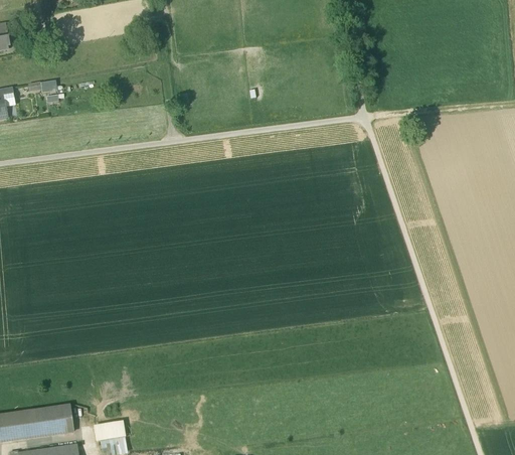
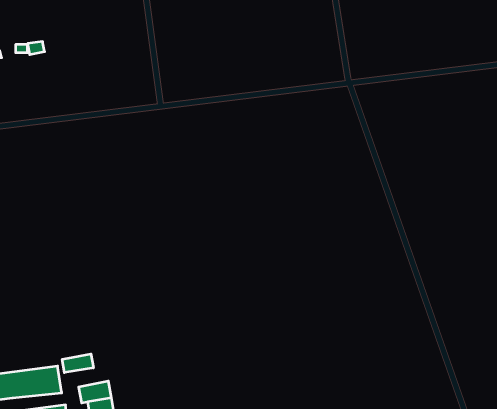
building: none -> [62,354,93,373]

